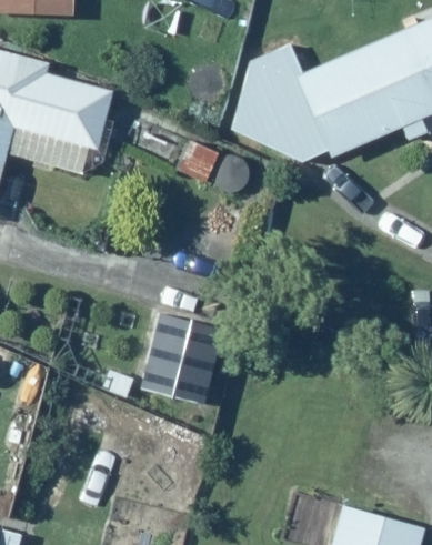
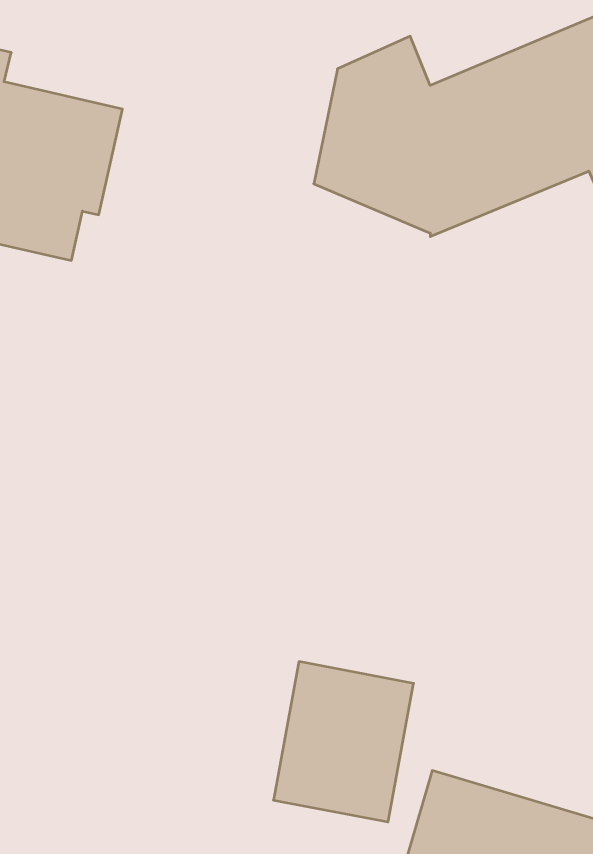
building: [141,307,227,405] -> [273,662,414,822]

